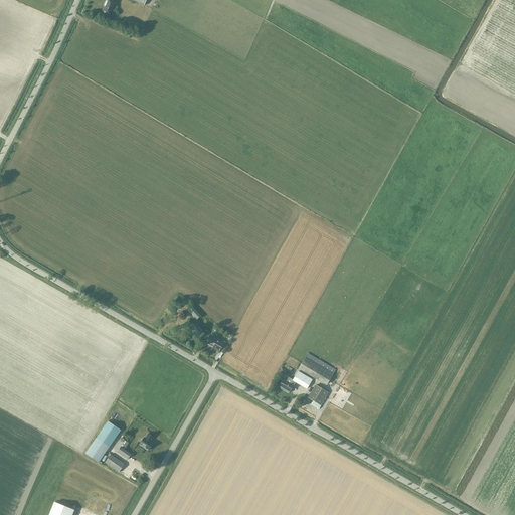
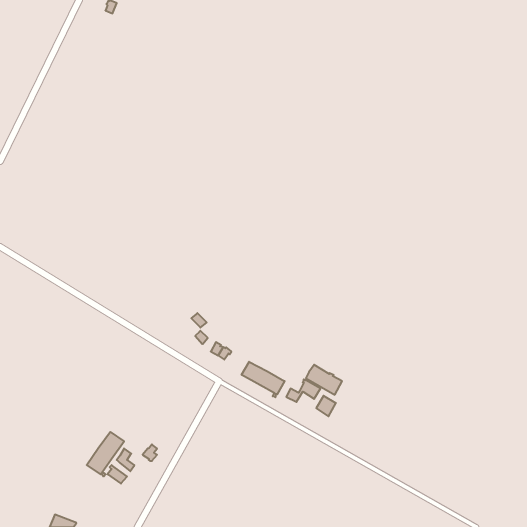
building: none -> [242,362,285,397]

